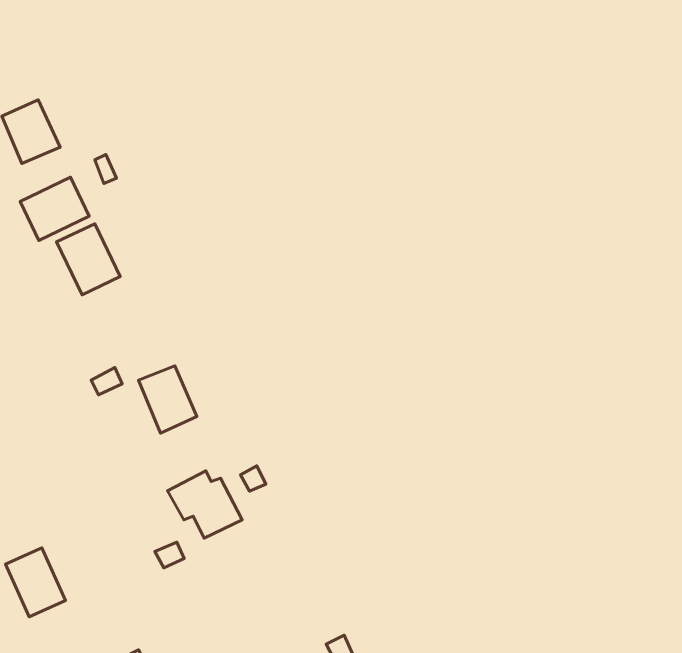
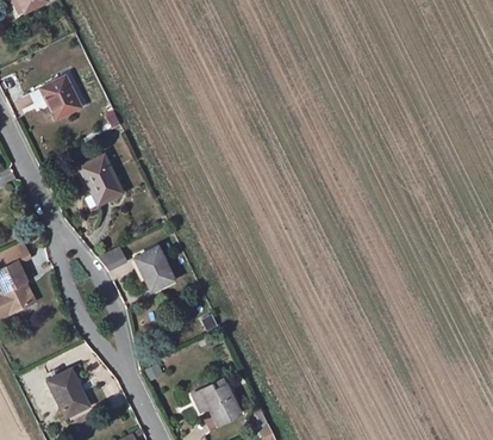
building: [20,177,89,241] -> none
building: [168,471,242,538] -> [193,380,242,424]

